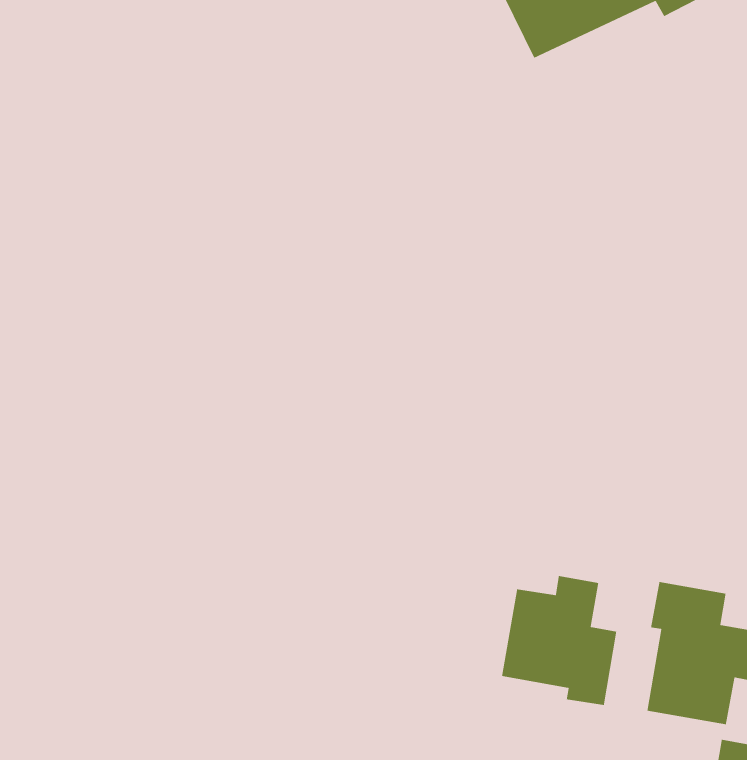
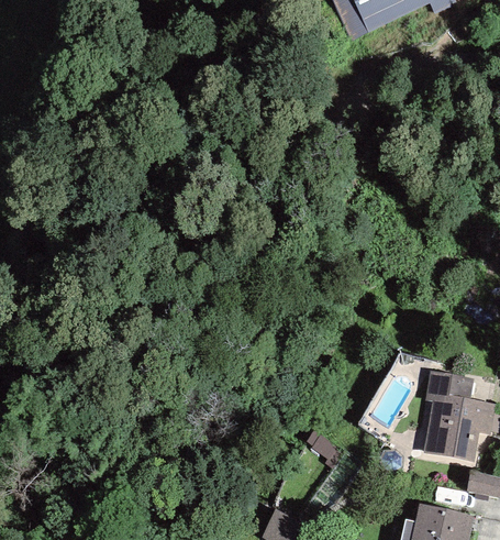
building: [501,575,617,706] -> none

